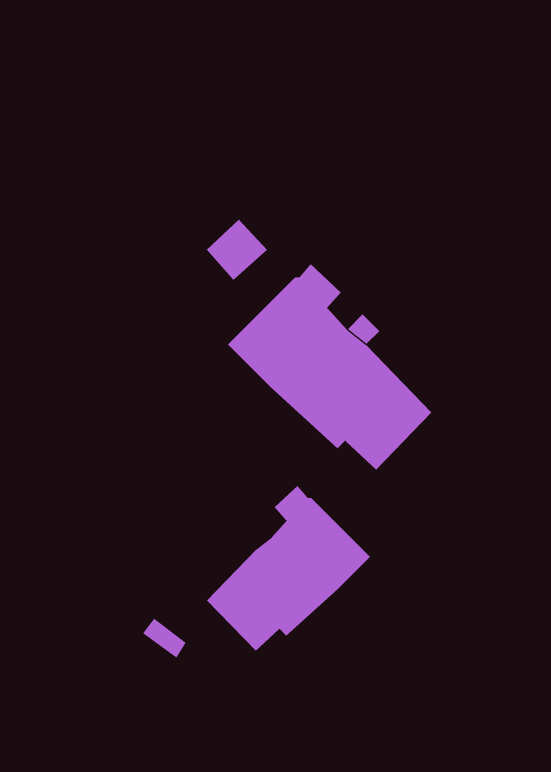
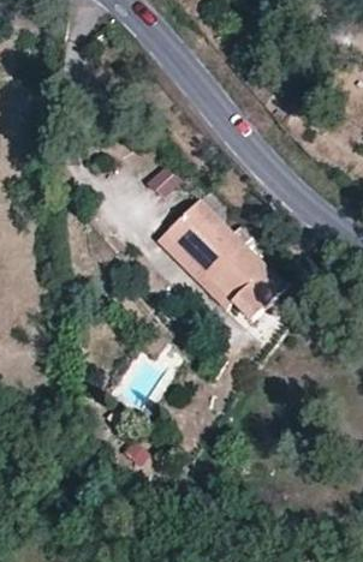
building: [206,485,371,652] -> none

